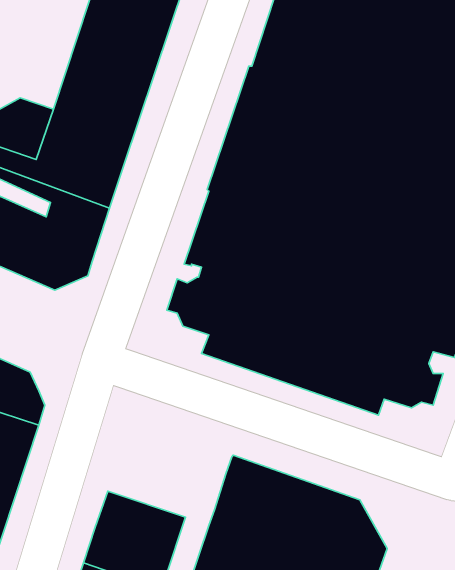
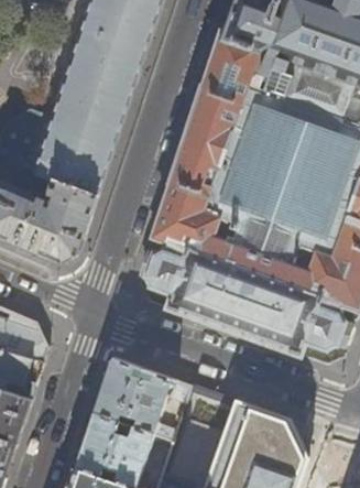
building: none -> [94,360,188,440]

